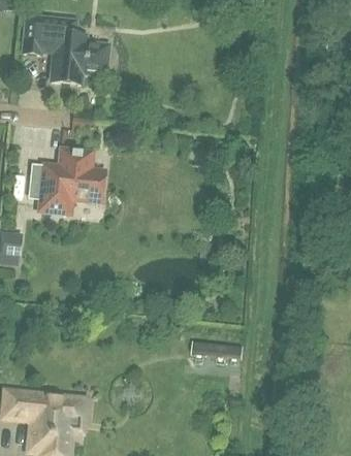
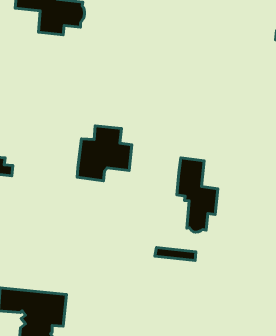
building: [38,148,104,214] -> [77,126,132,181]
building: none -> [177,158,218,232]

